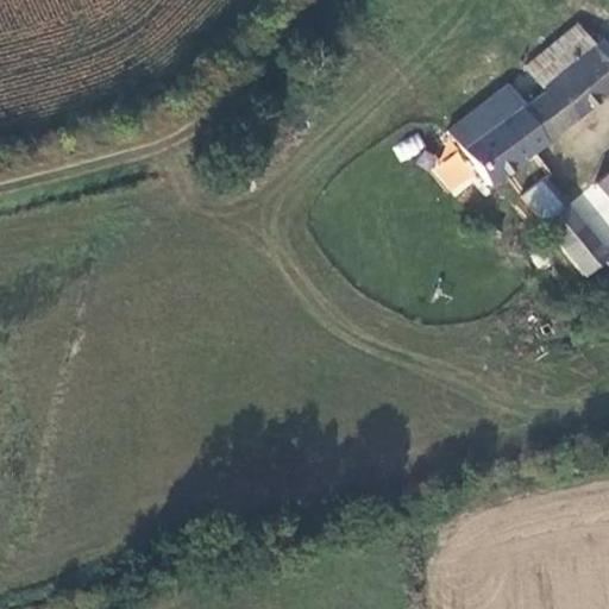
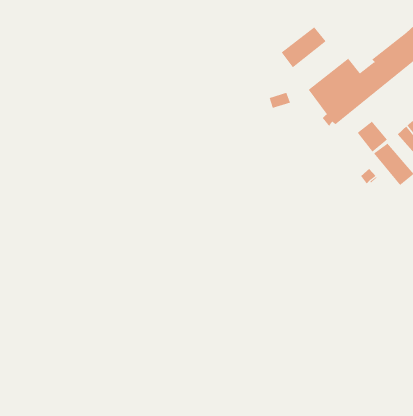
building: [530,26,597,87] -> [281,27,327,68]

